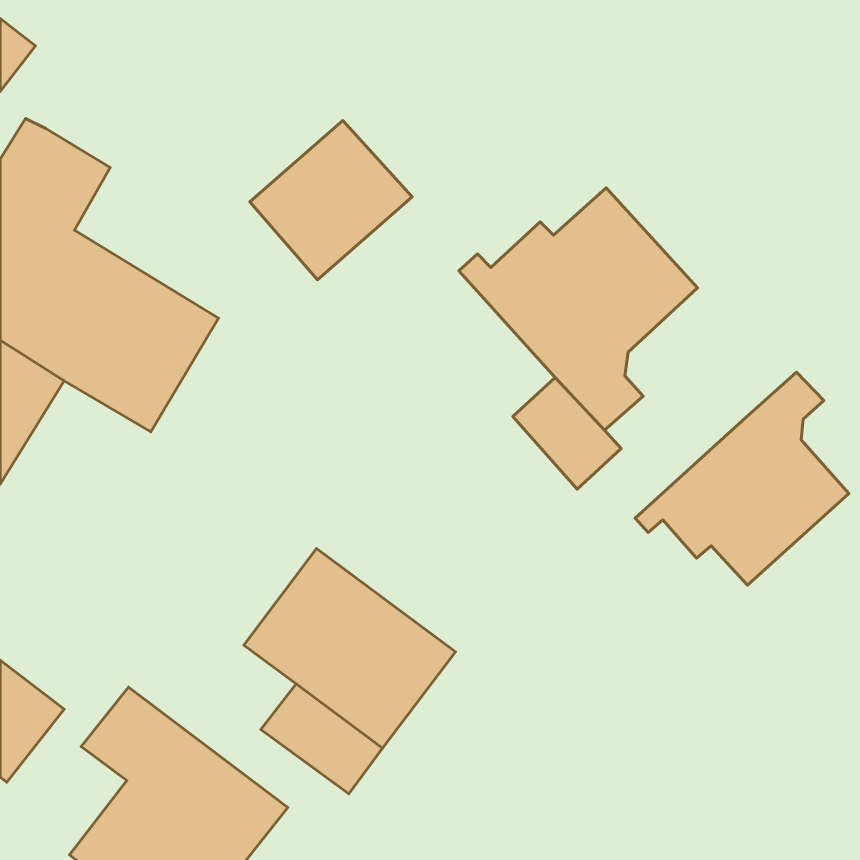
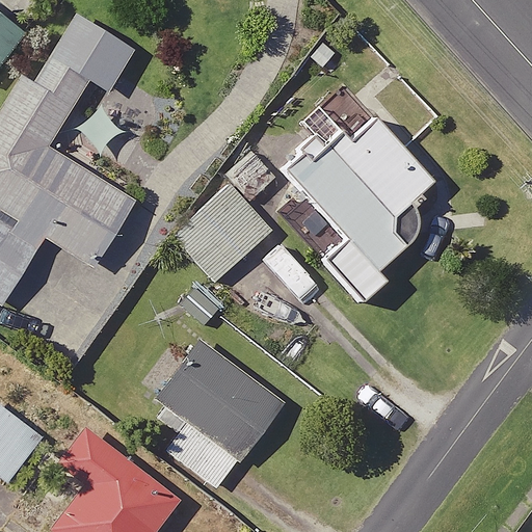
building: none -> [31,11,136,106]
building: [250,121,412,280] -> [172,185,272,283]
building: [635,372,849,585] -> none

